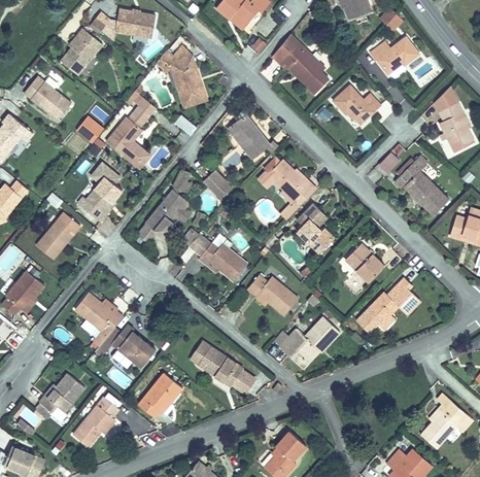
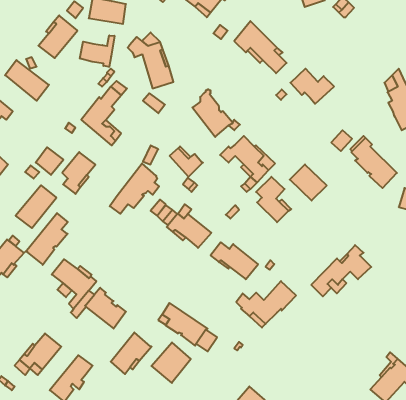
building: [370,37,418,74] -> none
building: none -> [80,35,114,67]
building: [74,113,104,143] -> [36,147,63,175]
building: none -> [25,213,68,265]
building: [344,243,384,282] -> [290,164,327,201]
building: none -> [151,342,191,383]

